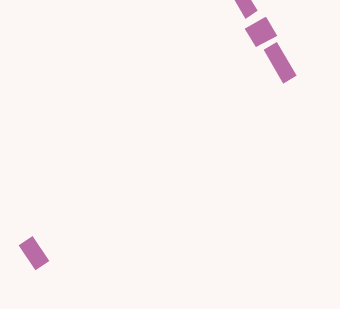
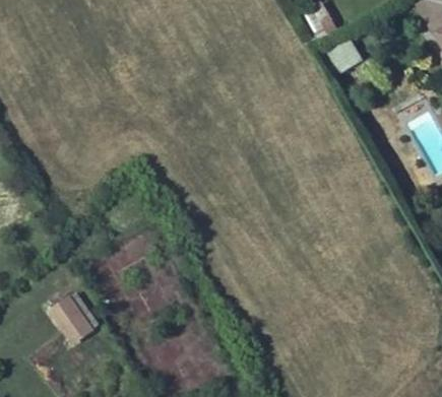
building: [262,41,298,85] -> none

